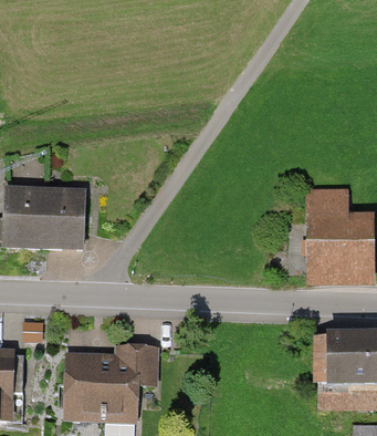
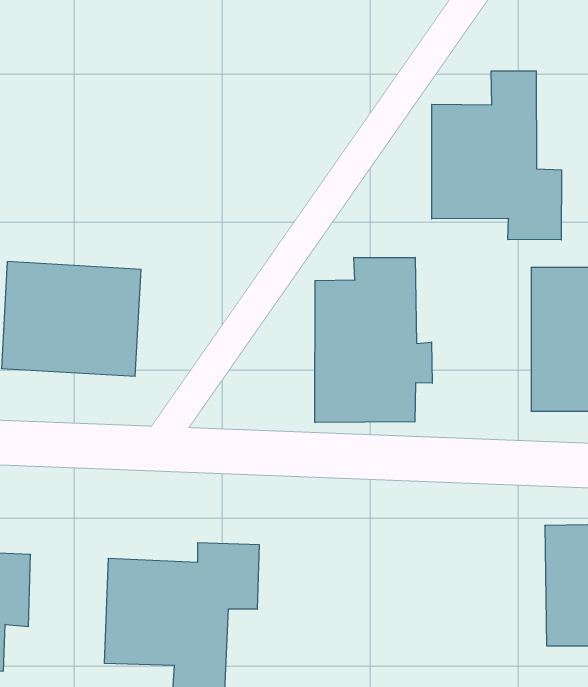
building: none -> [432,71,562,240]
building: none -> [315,257,432,423]

